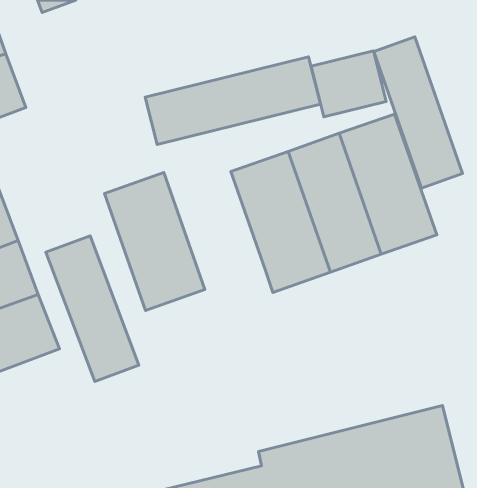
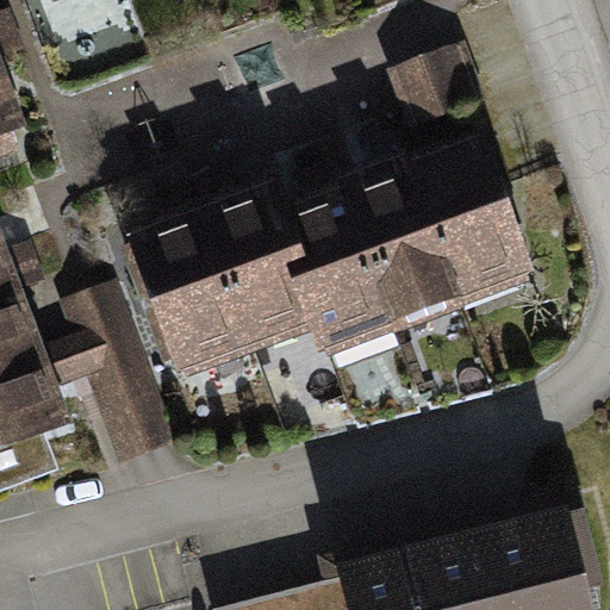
building: [374,37,463,188] -> none
building: [145,57,321,144] -> none
building: none -> [204,191,330,362]

